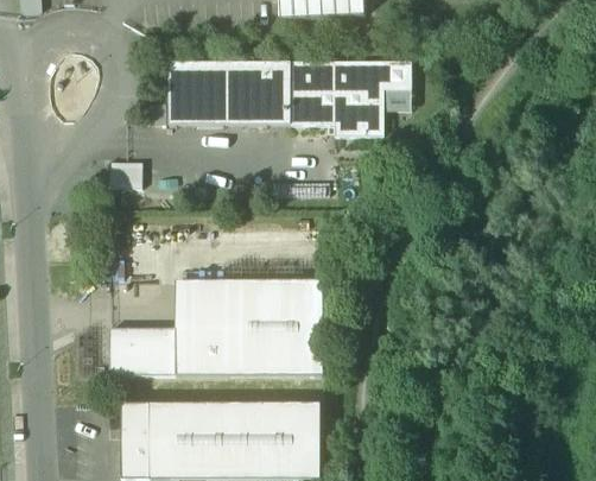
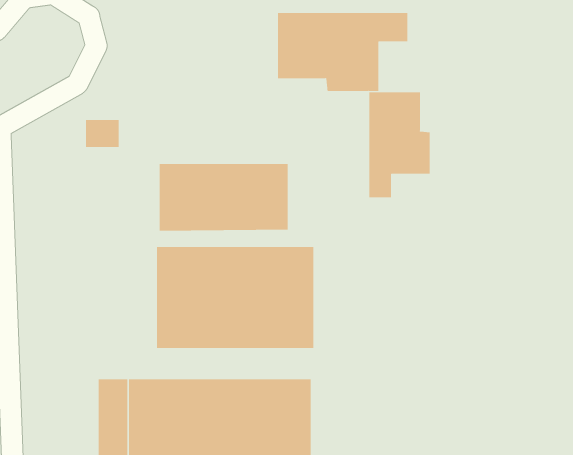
building: [167,61,289,124] -> [159,164,288,231]
building: none -> [369,91,430,198]
building: [109,327,176,374] -> none

